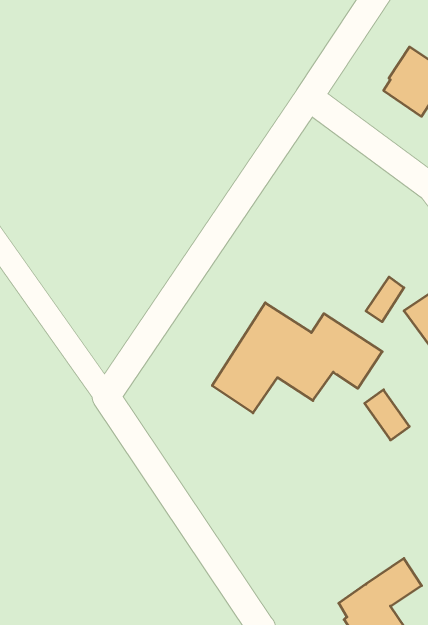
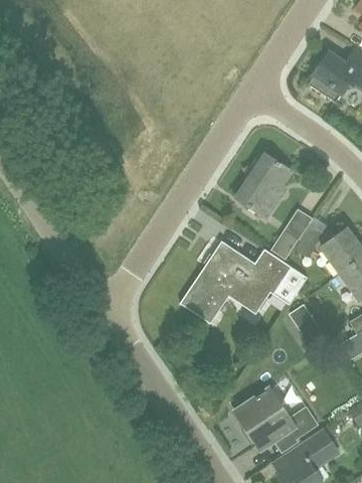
building: none -> [235,153,291,215]
building: none -> [272,209,313,260]
building: none -> [235,388,319,448]

